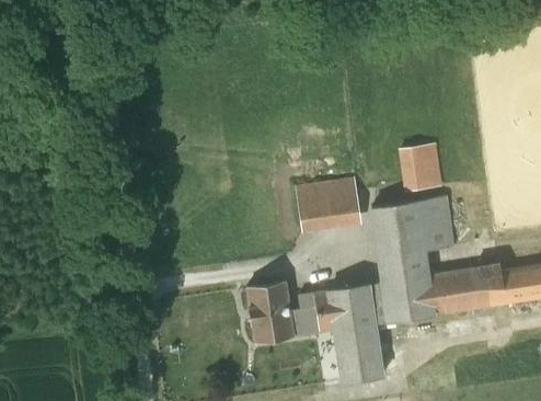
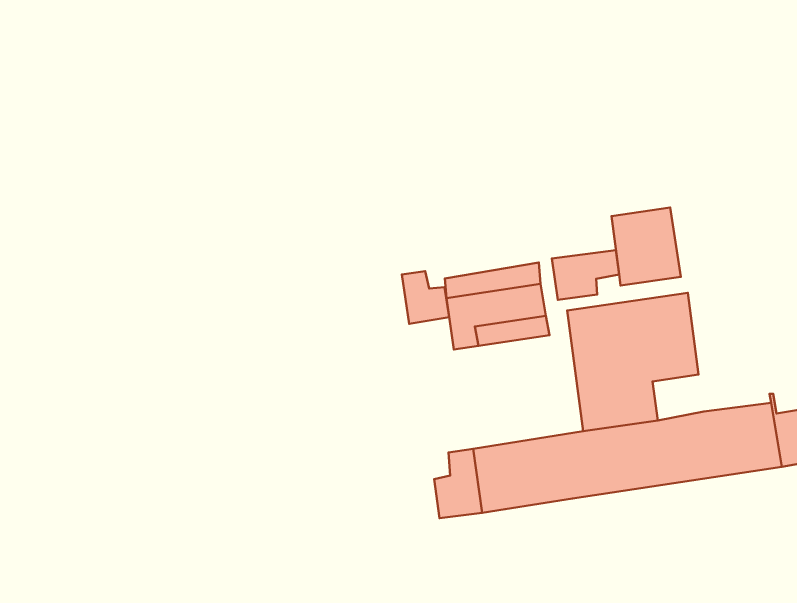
building: none -> [552,250,619,300]
building: none -> [402,271,449,324]
building: [246,283,293,343] -> none
building: [334,324,383,382] -> none

